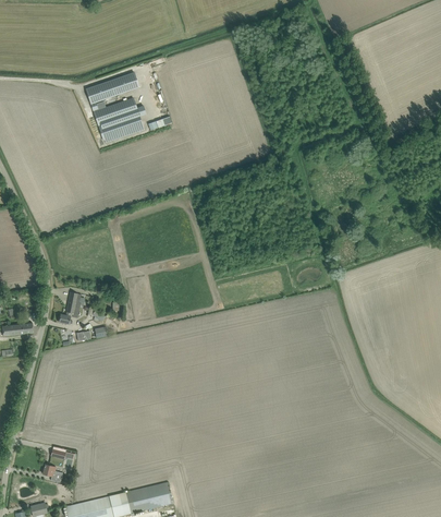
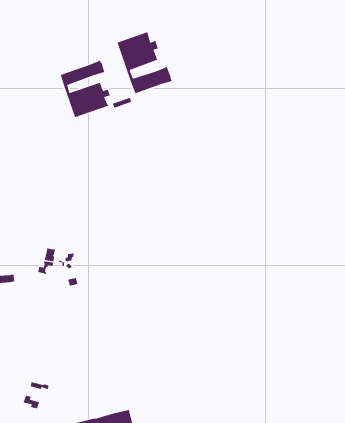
building: none -> [116,31,173,94]

